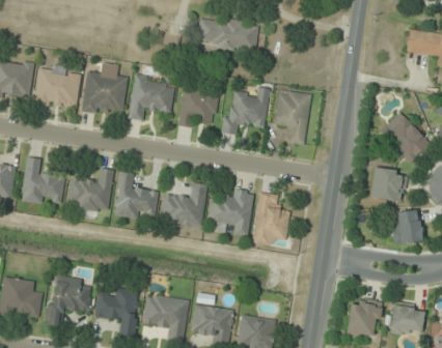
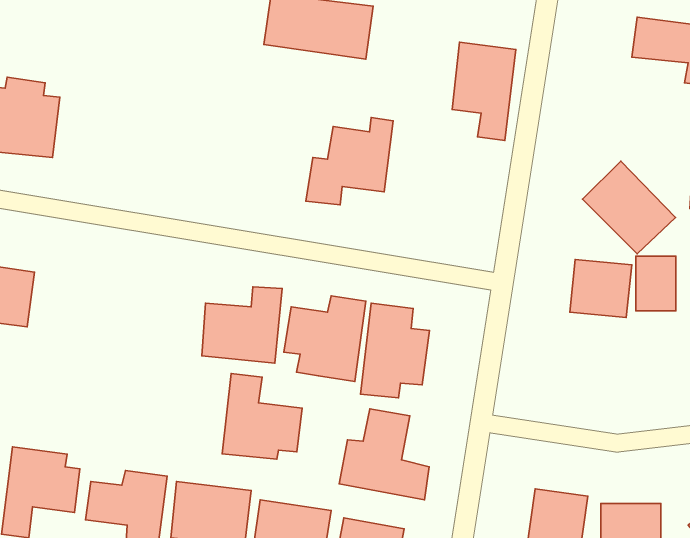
building: [81,62,128,115] -> none
building: [128,74,174,121] -> none
building: [176,84,219,128] -> none
building: [274,88,310,144] -> [452,42,516,141]
building: [67,167,113,213] -> none
building: [113,170,159,219] -> [222,374,302,459]
building: [396,210,419,241] -> [636,256,676,311]
building: none -> [339,409,429,500]

